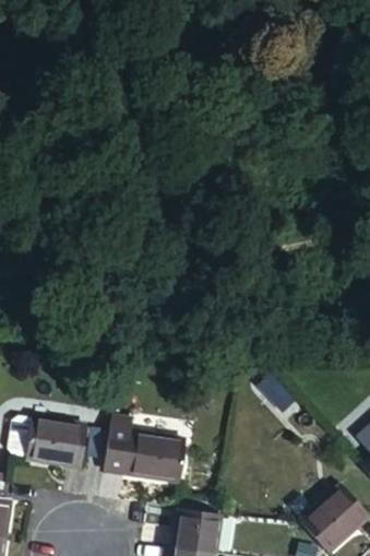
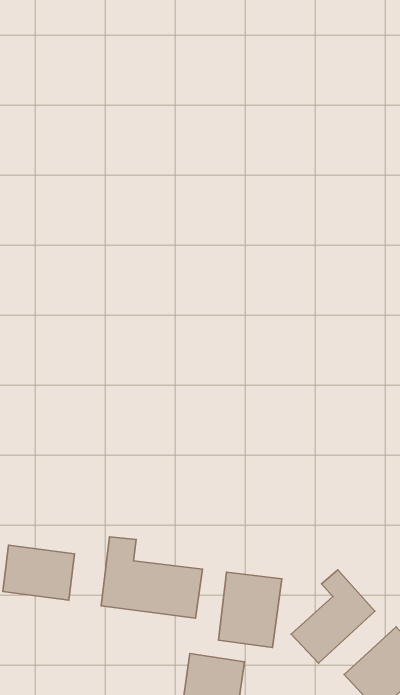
building: none -> [291,570,375,663]
building: none -> [219,572,282,648]

